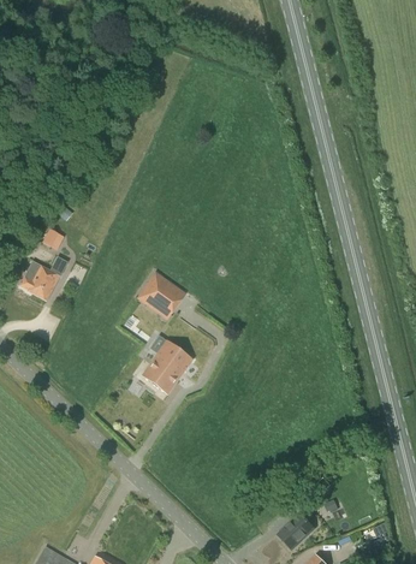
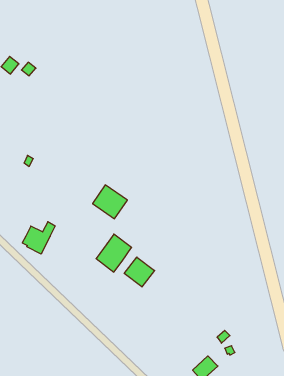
building: [20,255,67,301] -> [22,222,55,254]
building: none -> [124,257,155,287]

